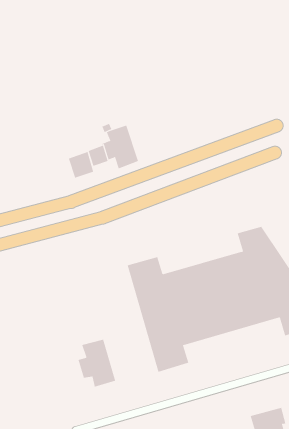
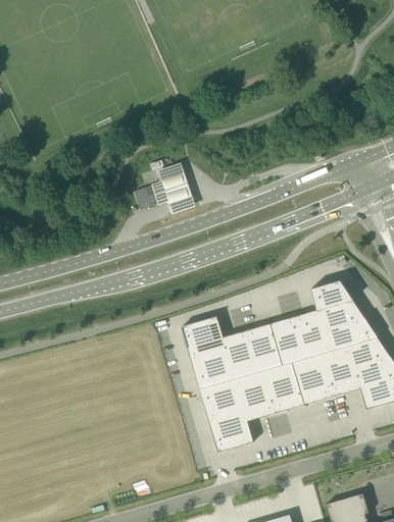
building: [68,151,94,178] -> none
building: [78,339,116,388] -> none

